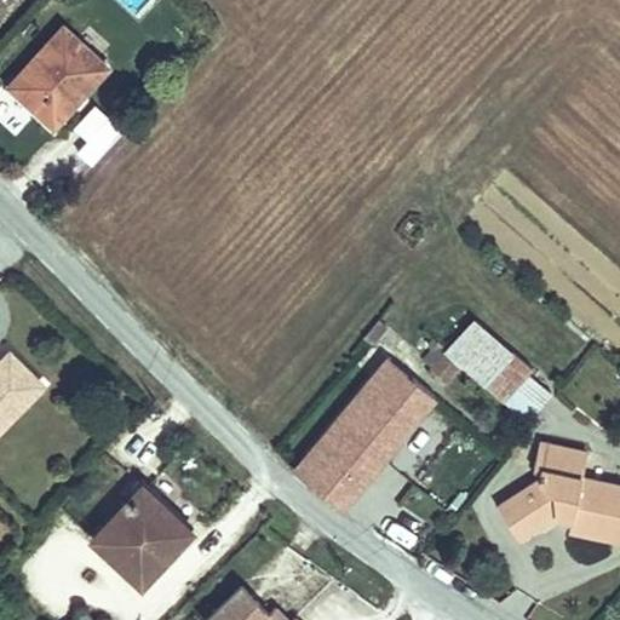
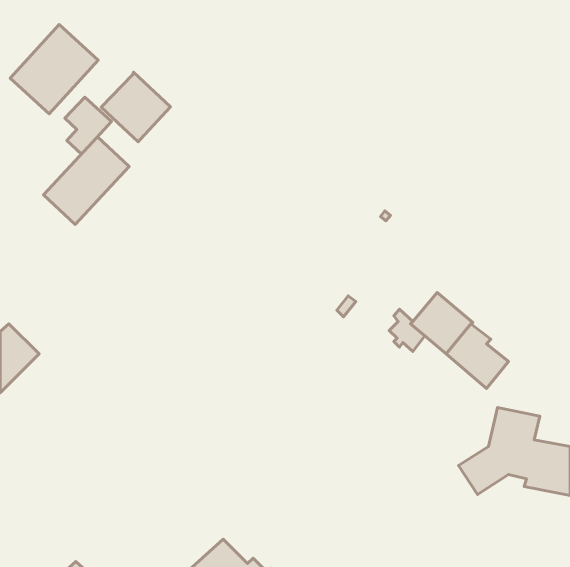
building: none -> [101,72,171,142]
building: none -> [43,137,129,224]
building: [295,361,436,511] -> none
building: [92,489,189,587] -> none

